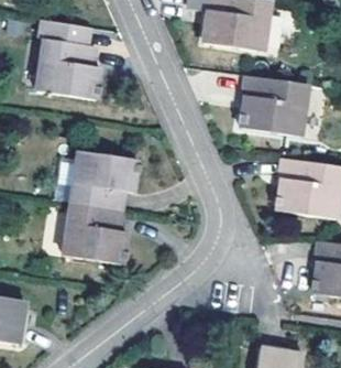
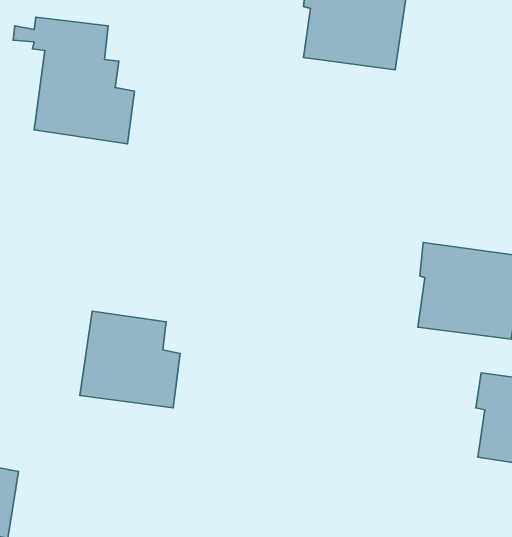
building: [242,76,308,136] -> none
building: [73,149,136,208] -> none

